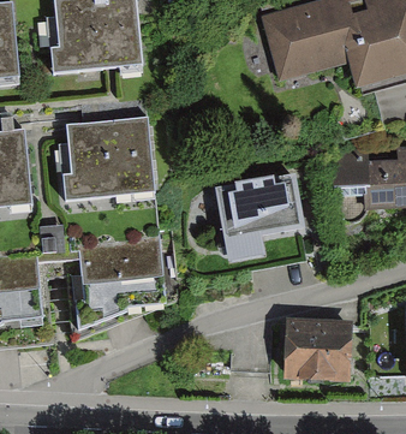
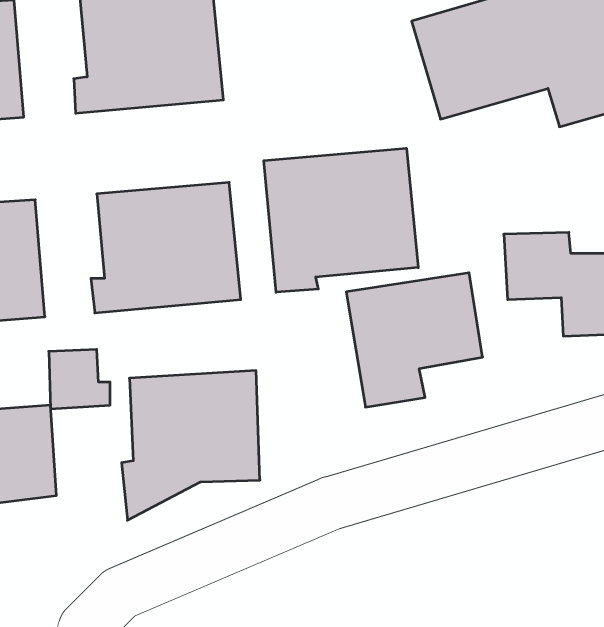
building: none -> [264,148,418,292]
building: [285,321,353,381] -> none

